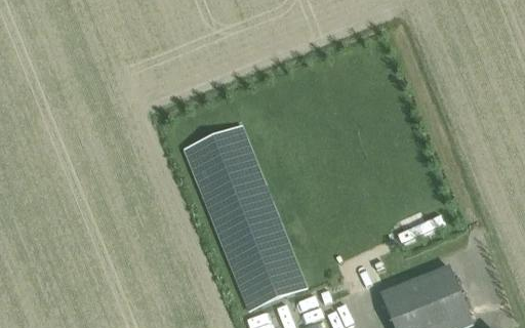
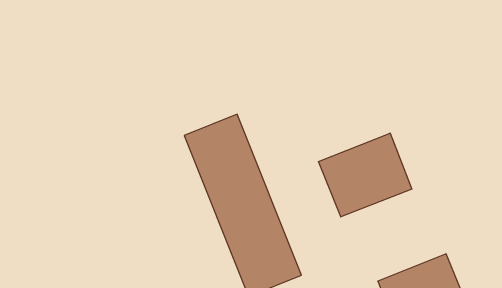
building: none -> [318,133,412,217]

